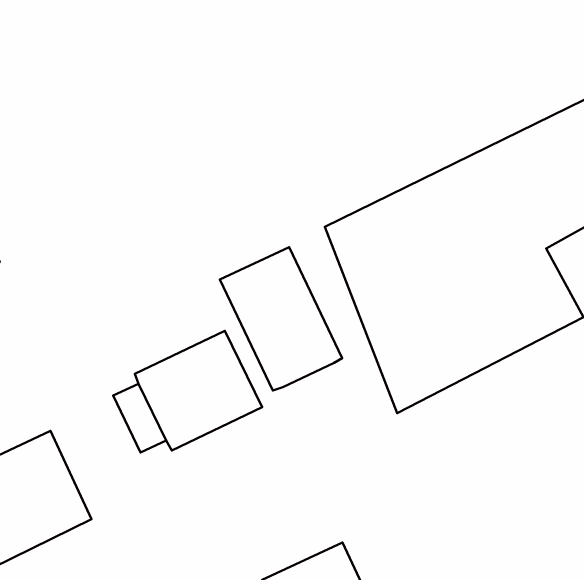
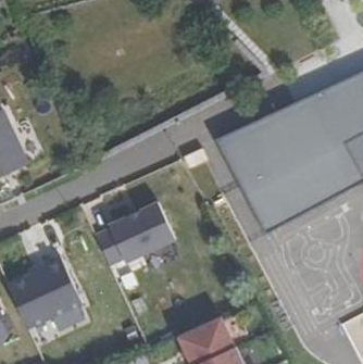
building: [220,247,342,390] -> none

